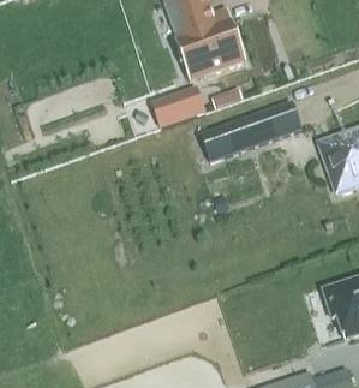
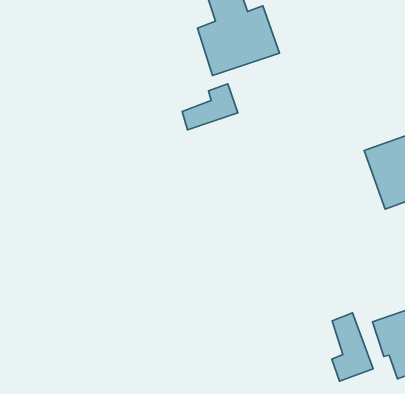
building: [202,102,301,160] -> none
building: none -> [332,313,373,381]

